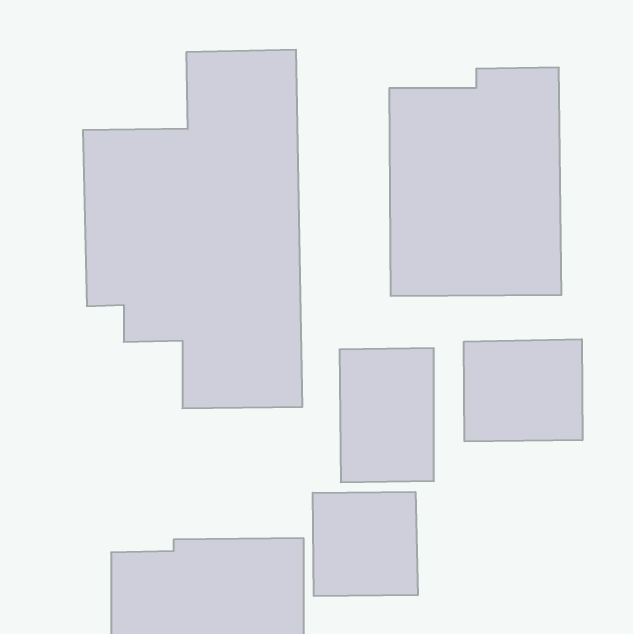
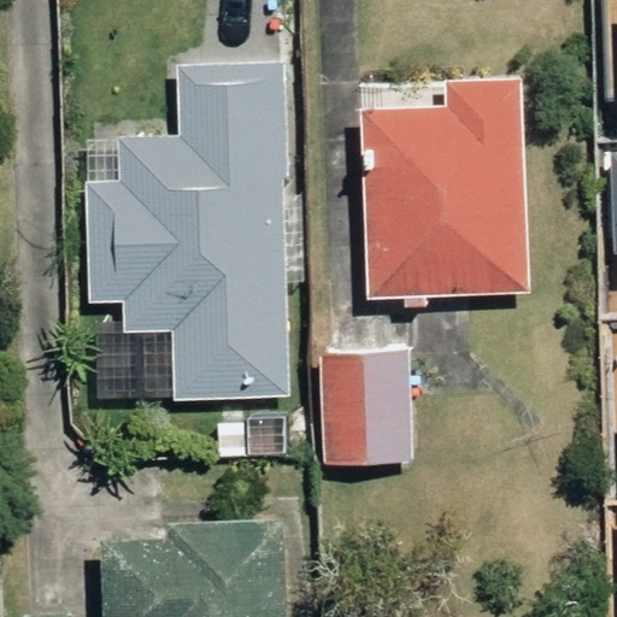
building: [464,339,582,441] -> none
building: [313,492,418,596] -> none

